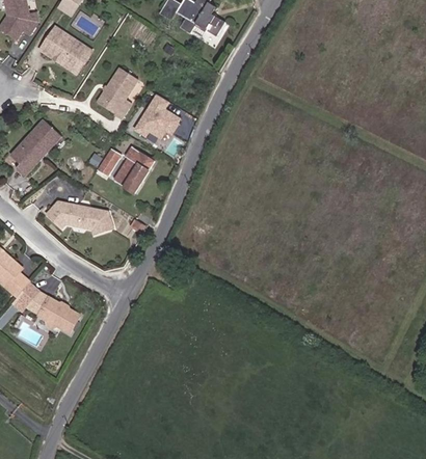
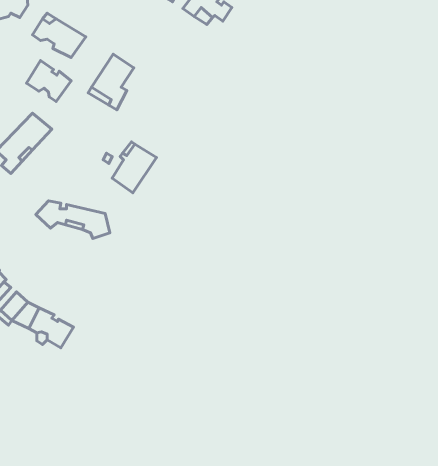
building: none -> [26,60,71,102]
building: [133,91,181,136] -> none

